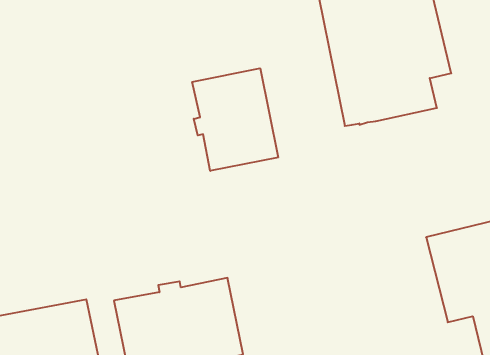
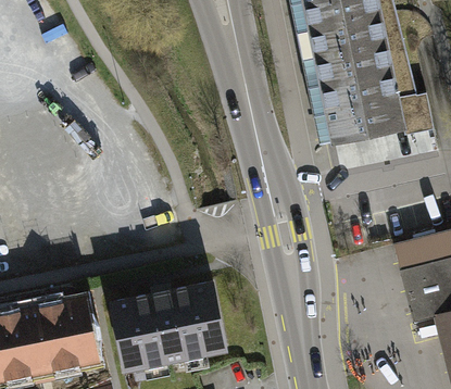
building: [192,68,278,171] -> none
building: none -> [396,93,433,135]

